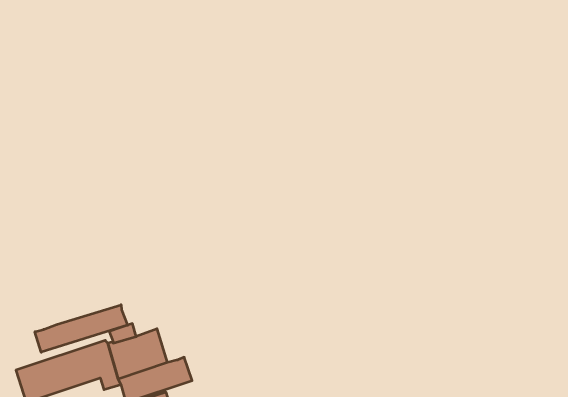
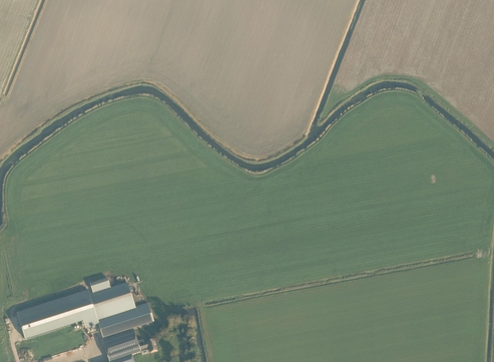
building: [35,305,128,352] -> none

